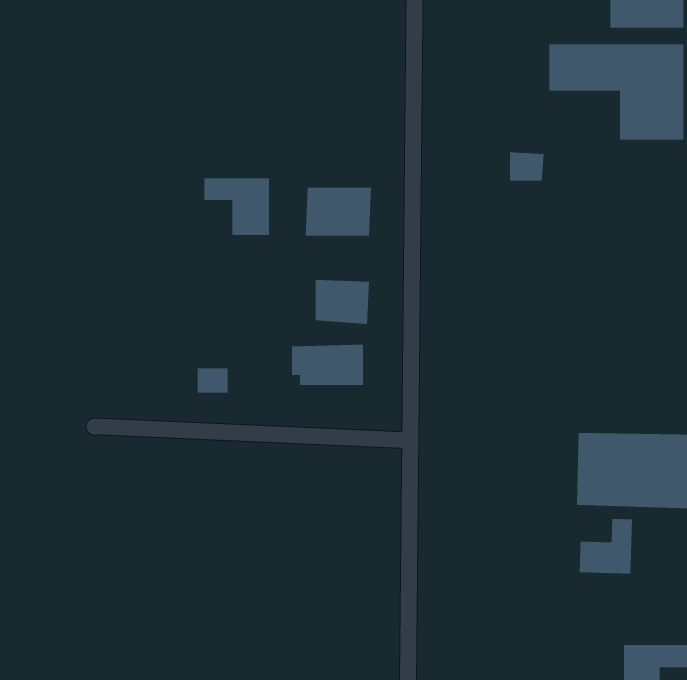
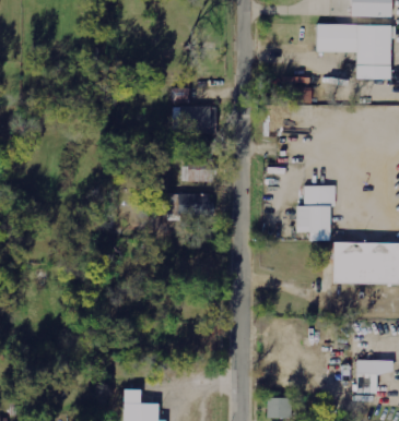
building: [204,177,269,236] -> none
building: none -> [294,187,330,233]
building: [579,518,632,574] -> none

